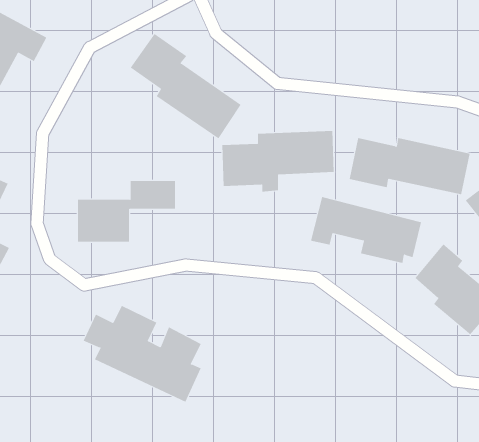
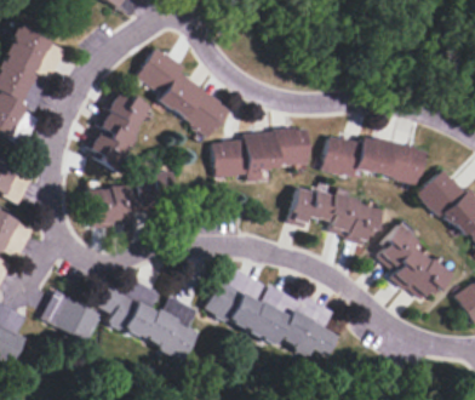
building: none -> [86,93,151,167]
building: none -> [204,268,338,356]
building: none -> [39,290,101,341]

